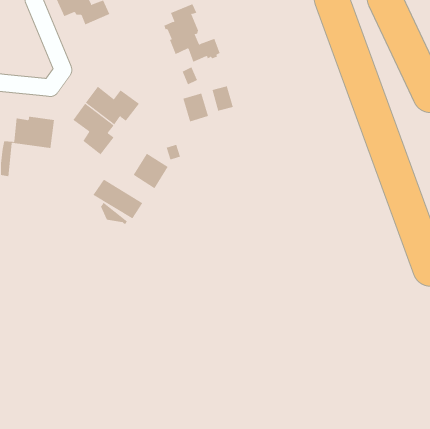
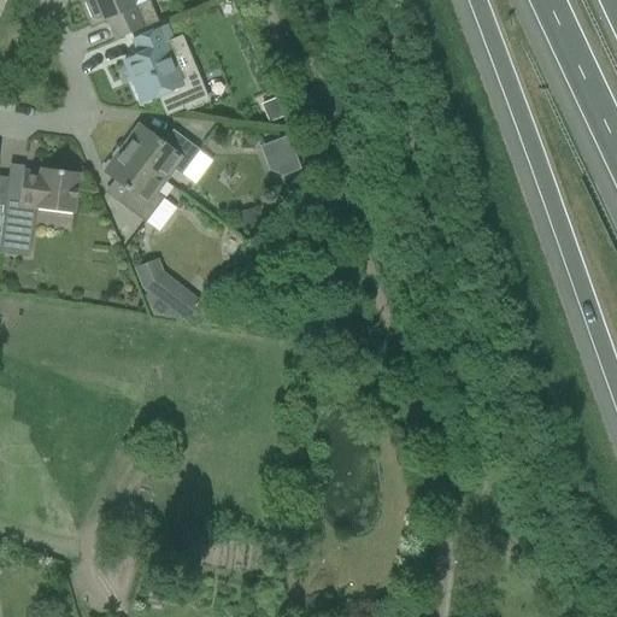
building: [163,3,221,62] -> [124,28,206,112]
building: [212,85,234,112] -> none
building: [133,153,168,189] -> none

